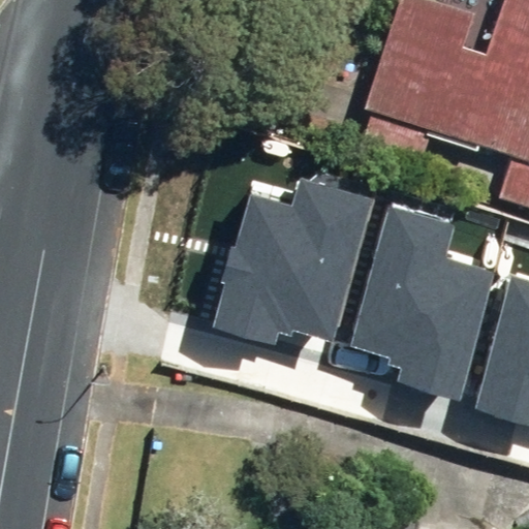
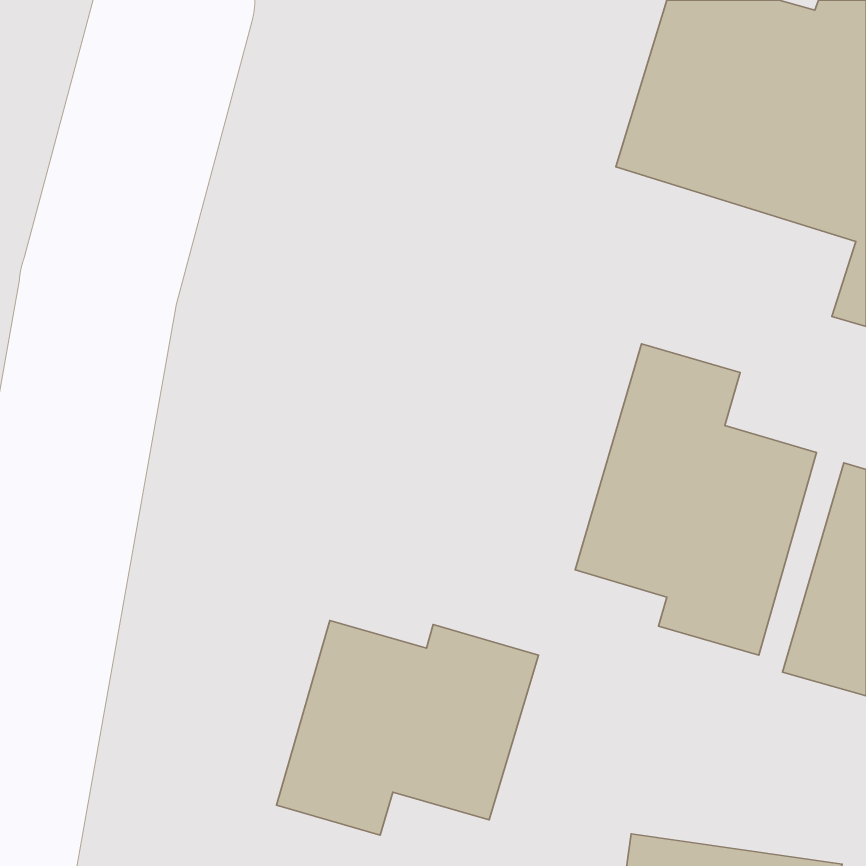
building: [214,181,371,346] -> none
building: none -> [277,620,538,835]

